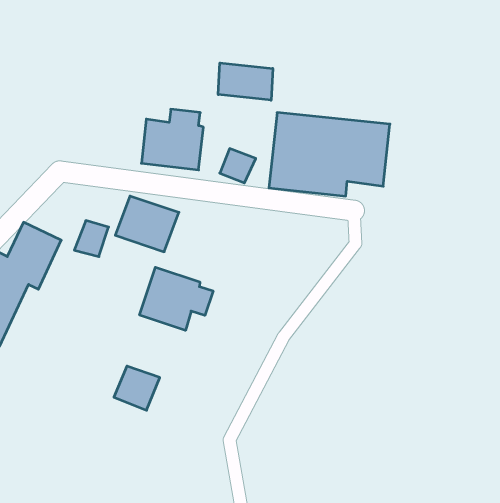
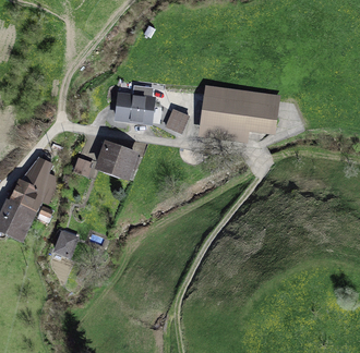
building: [218,63,273,100] -> none
building: [140,267,213,330] -> none
building: [114,366,160,410] -> [53,232,84,261]

